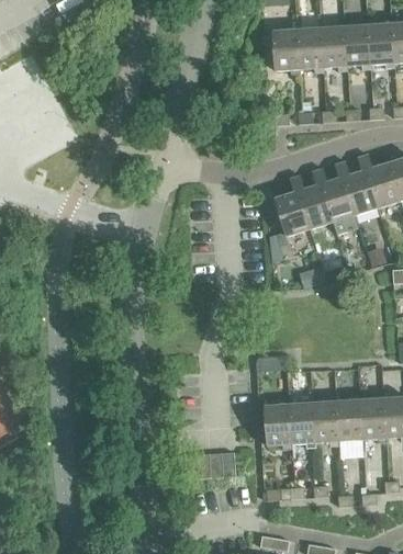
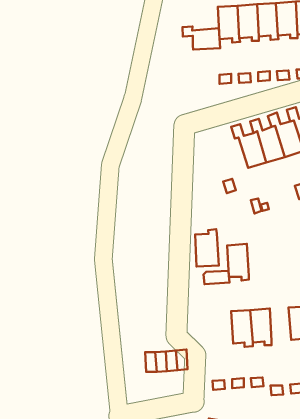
building: none -> [182,26,220,50]
building: [275,191,310,236] -> none
building: none -> [195,229,219,266]
building: [336,399,362,444] -> none
building: [265,404,291,449] -> [227,244,249,280]

